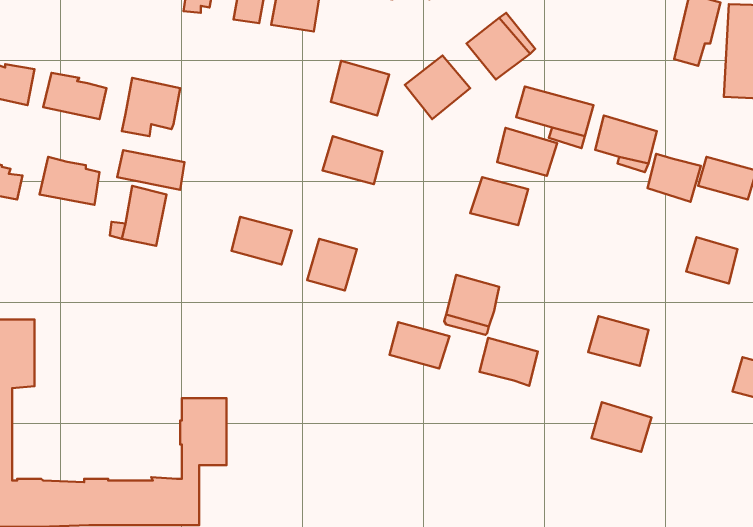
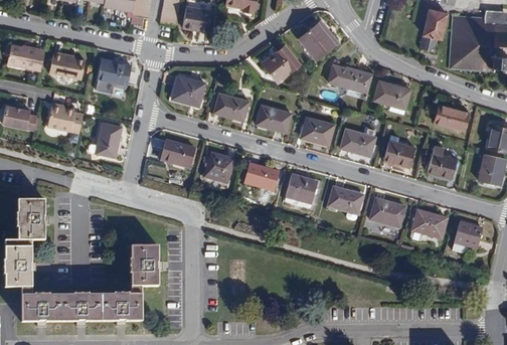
building: [331,61,389,116] -> [171,74,205,107]
building: [497,128,557,176] -> [340,128,375,156]
building: [117,150,185,190] -> none
building: [648,154,701,202] -> [383,140,414,168]
building: none -> [256,105,291,133]
building: [390,322,450,369] -> [243,163,279,190]
building: [480,338,538,386] -> [328,186,362,214]
building: [591,402,651,452] -> [411,209,447,238]

